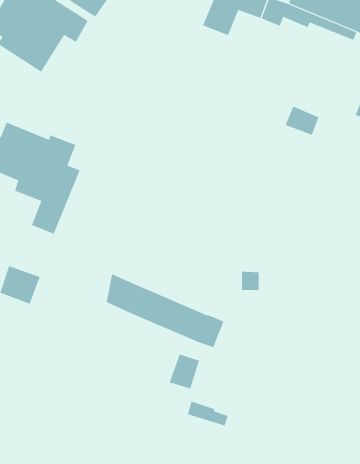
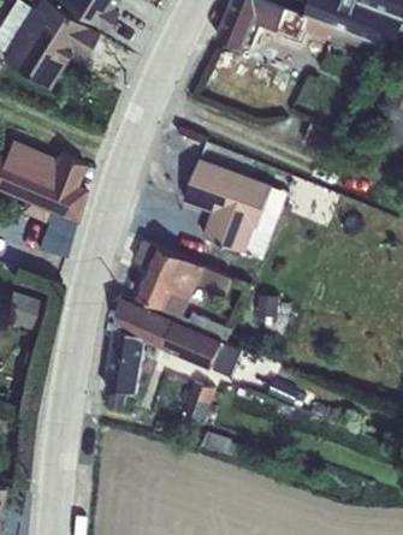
building: none -> [184,159,290,260]
building: none -> [135,240,231,343]
building: none -> [103,328,144,393]

